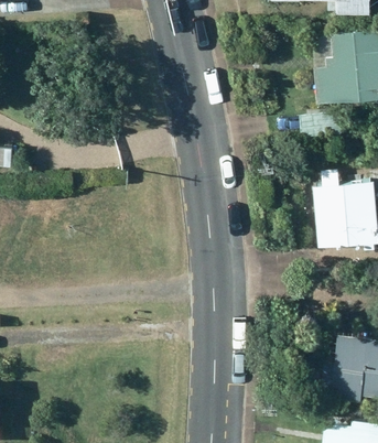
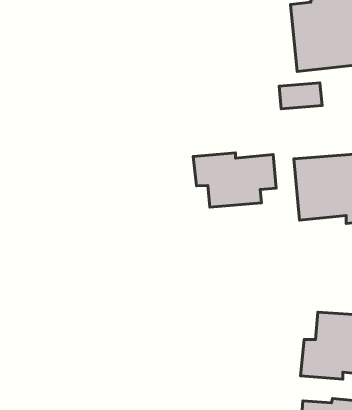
building: none -> [193,153,276,207]

